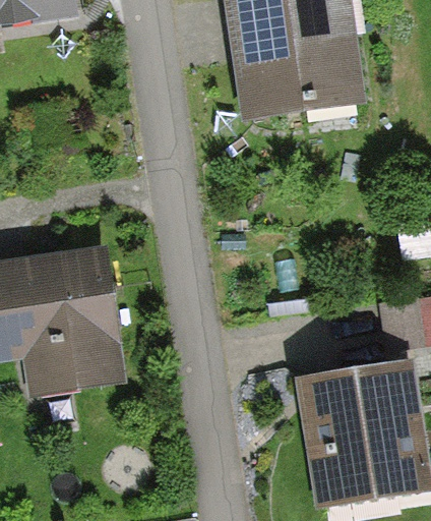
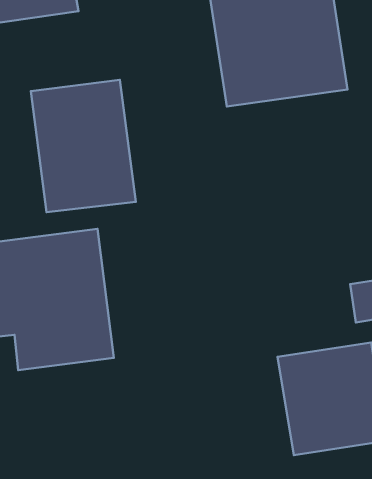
building: none -> [31,80,136,212]

